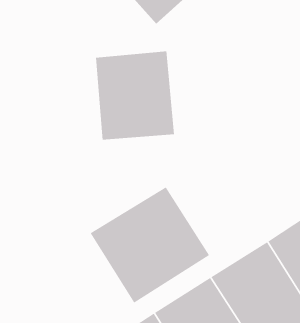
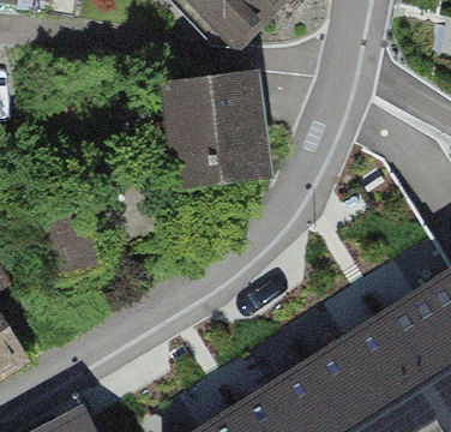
building: [90,186,210,304] -> none

